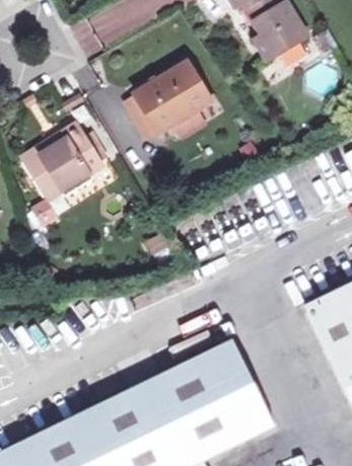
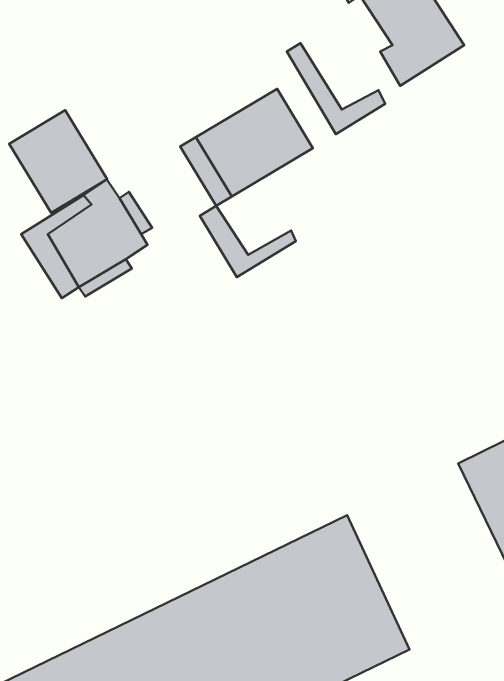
building: none -> [287,43,385,134]
building: none -> [9,110,107,213]
building: none -> [200,206,296,277]

